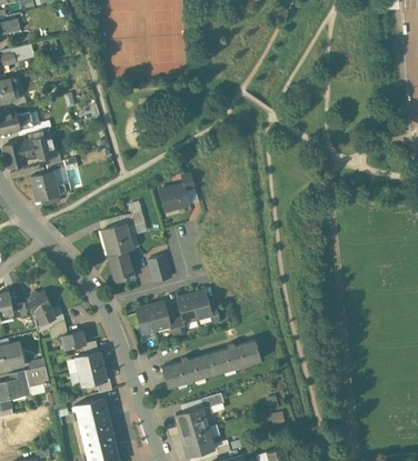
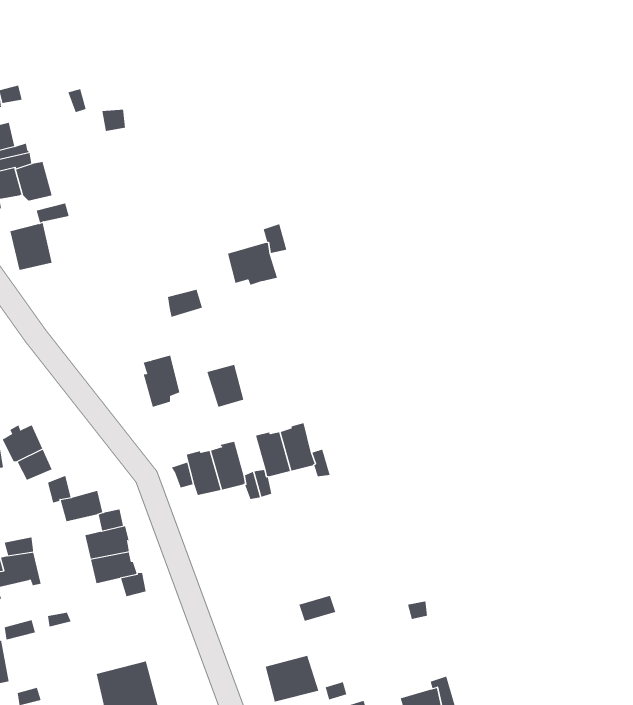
building: [104,222,132,253] -> none
building: [161,340,260,388] -> none
building: [73,399,111,439] -> none
building: [175,407,207,434] -> none

